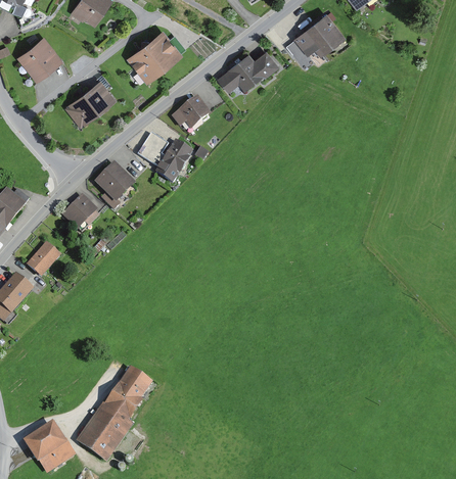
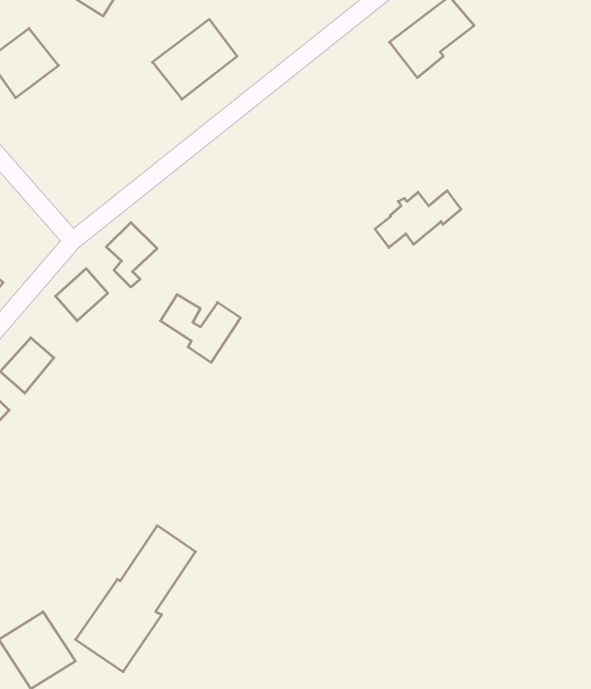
building: [218,51,275,89] -> [375,191,461,248]
building: [63,78,117,127] -> none
building: [172,97,207,126] -> none
building: [137,135,190,180] -> [160,295,240,362]

